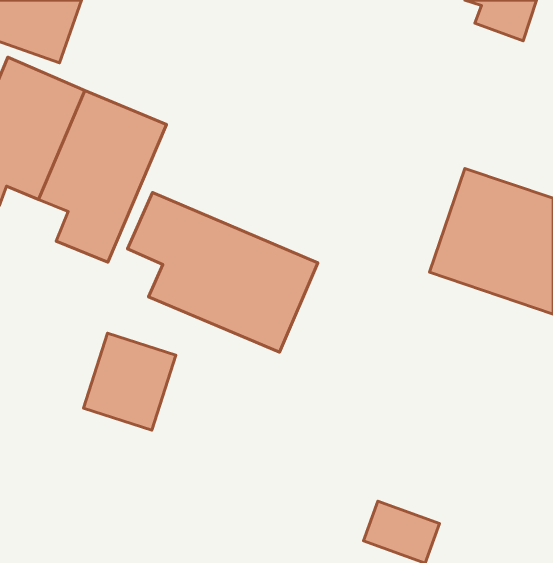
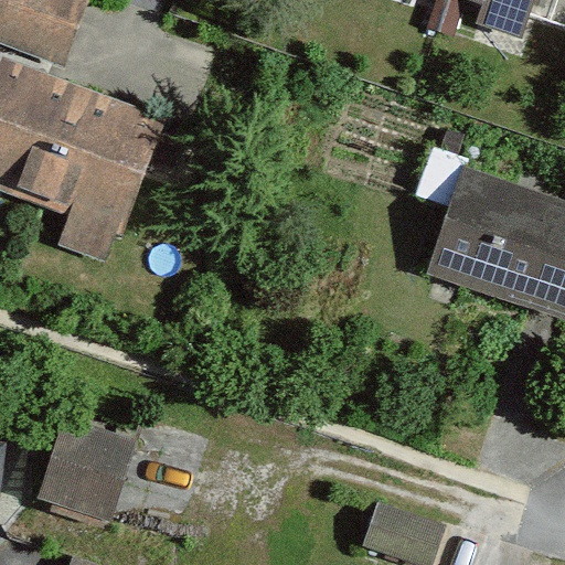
building: [128,193,318,352] -> none
building: [83,333,176,430] -> [39,418,131,515]

